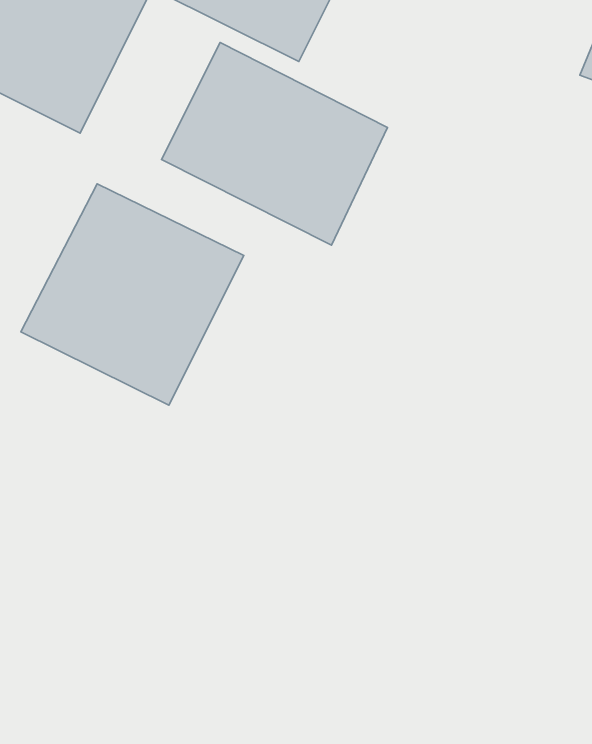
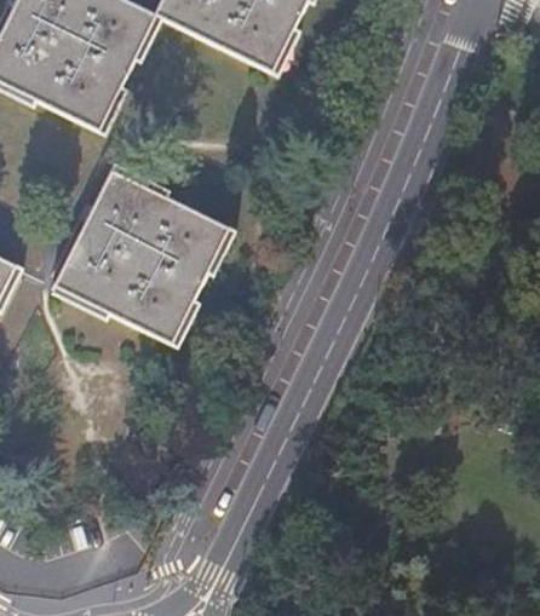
building: [162,43,387,245] -> none

